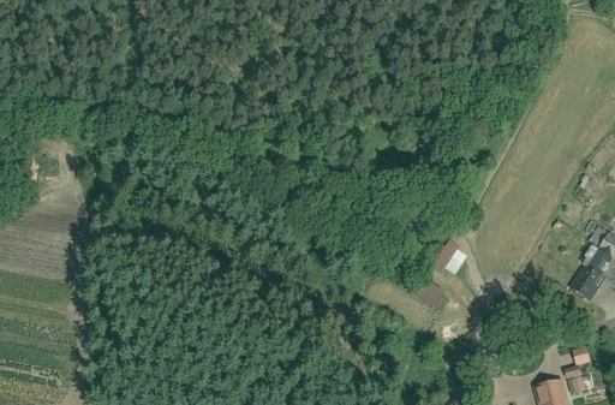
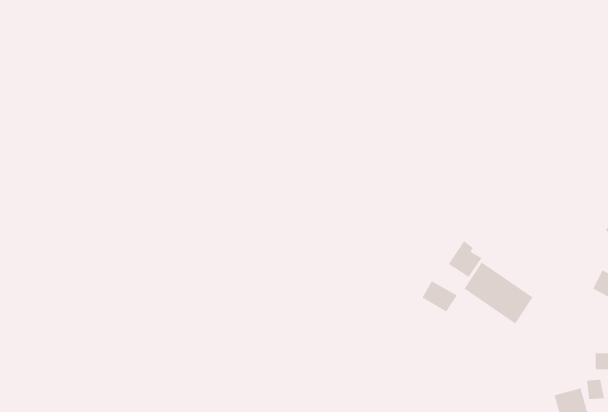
building: none -> [463,261,534,324]

